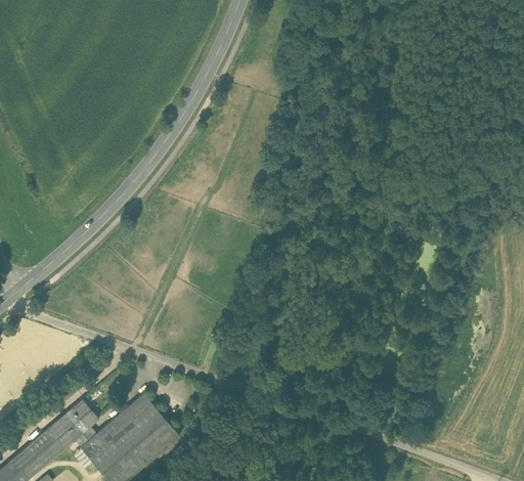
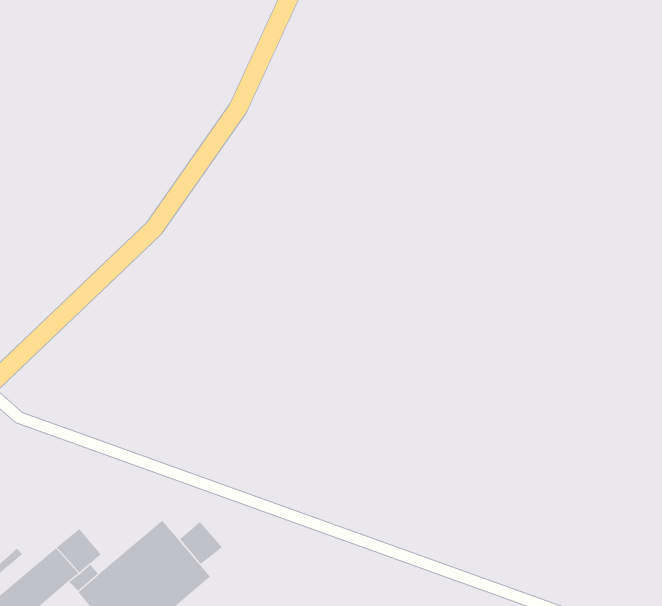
building: none -> [179,521,223,565]

